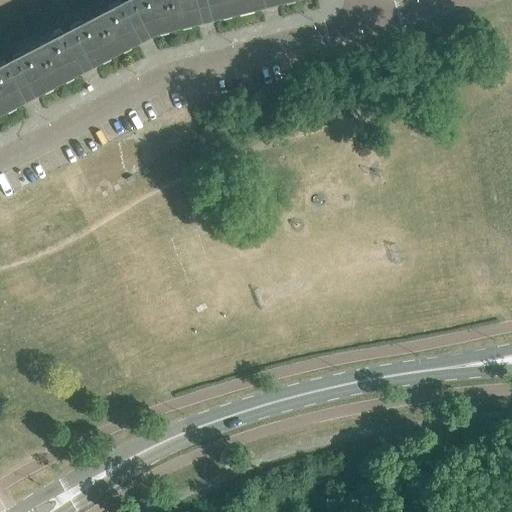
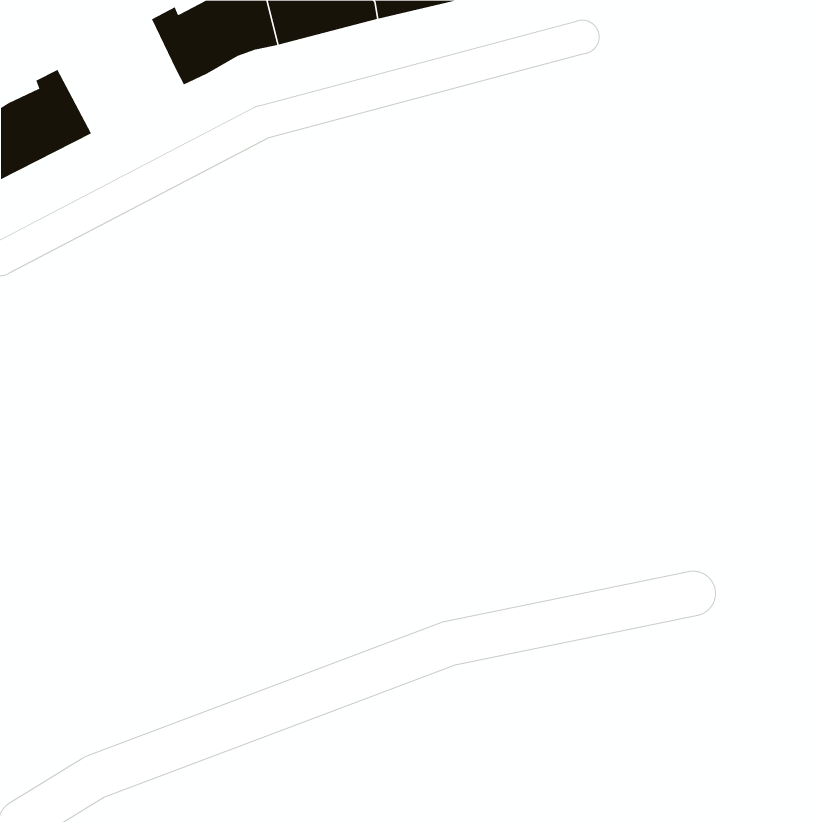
building: [39,12,117,83] -> none

